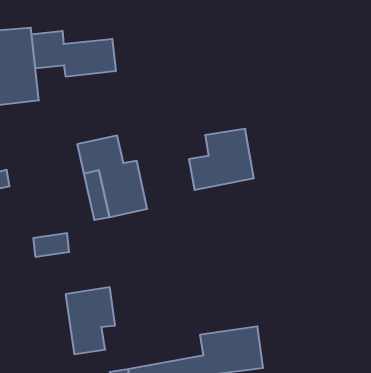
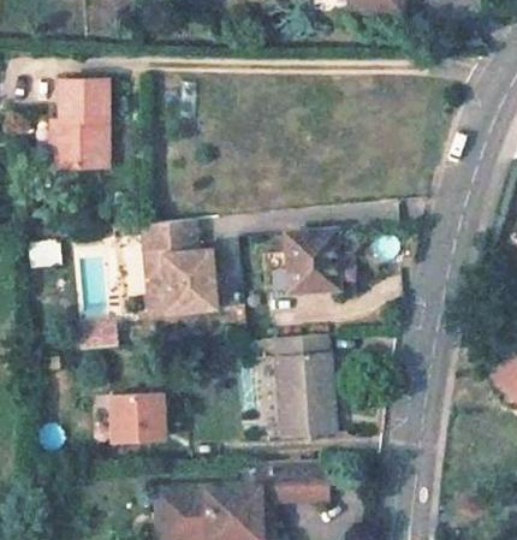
building: [32,31,116,77] -> none
building: none -> [278,334,337,437]

